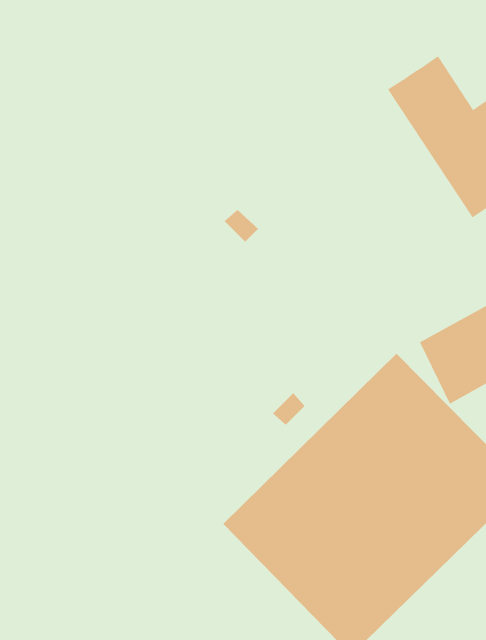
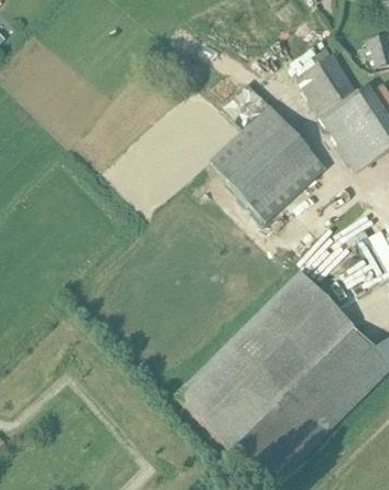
building: none -> [209,84,325,222]

